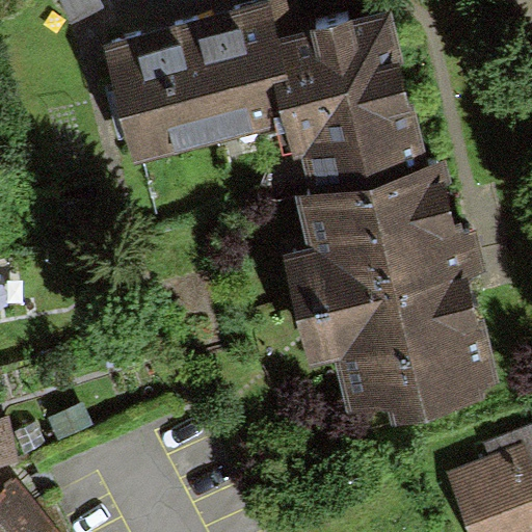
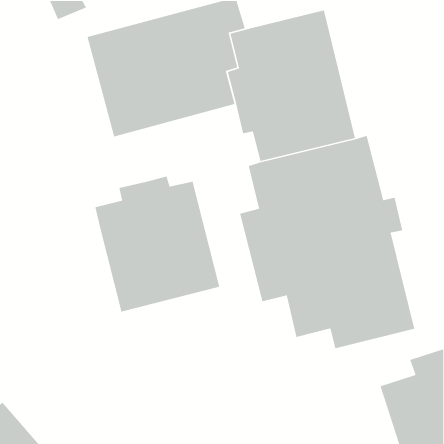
building: none -> [94,176,220,312]

